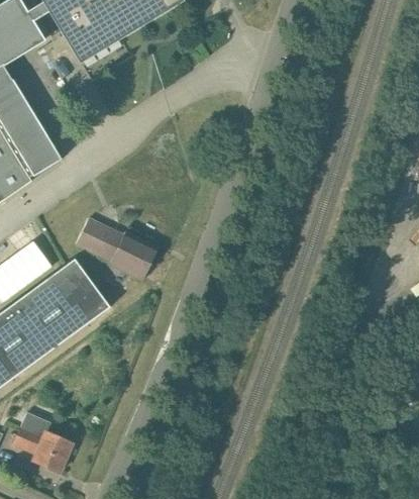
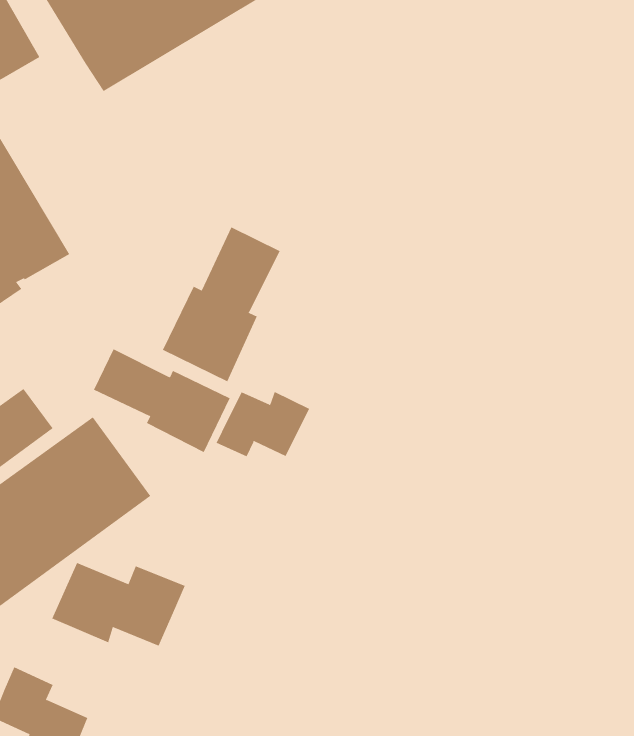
building: none -> [162,226,280,382]
building: none -> [216,391,310,457]
building: none -> [51,562,185,646]

